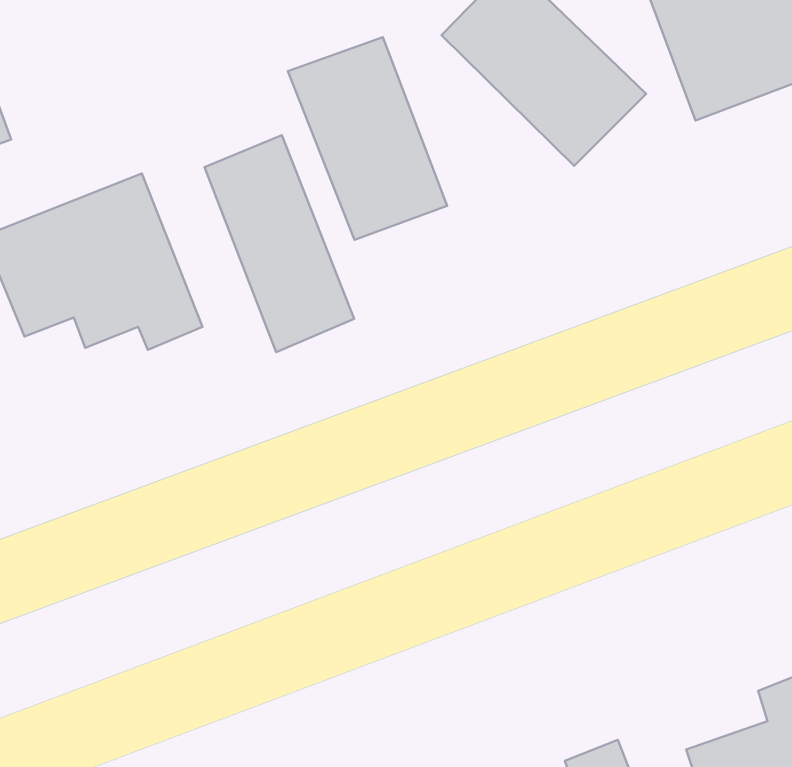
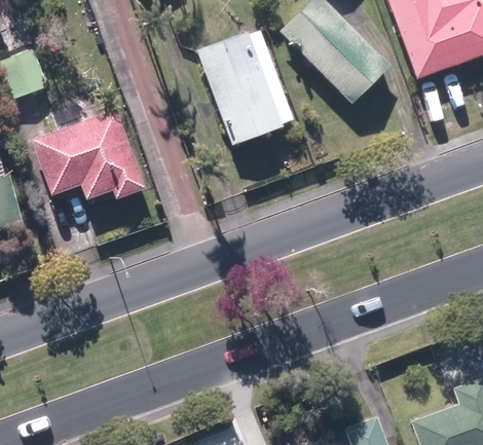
building: [205,135,354,352] -> none

